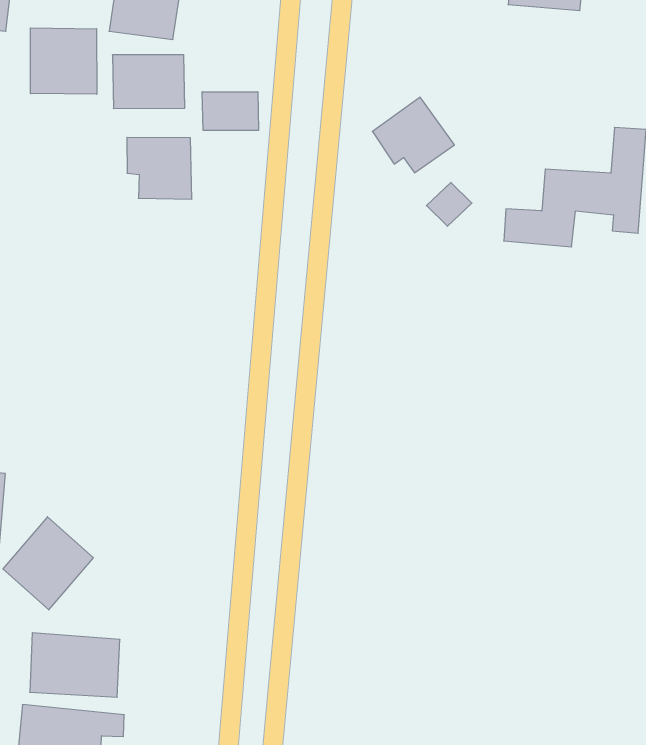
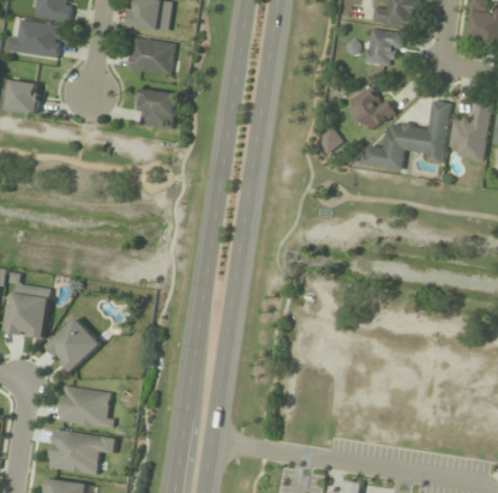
building: none -> [364,28,403,66]
building: [30,28,97,94] -> none
building: [202,92,259,130] -> none
building: [372,97,454,173] -> [343,85,392,131]

